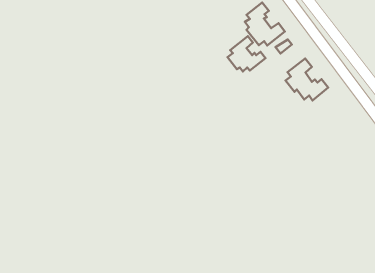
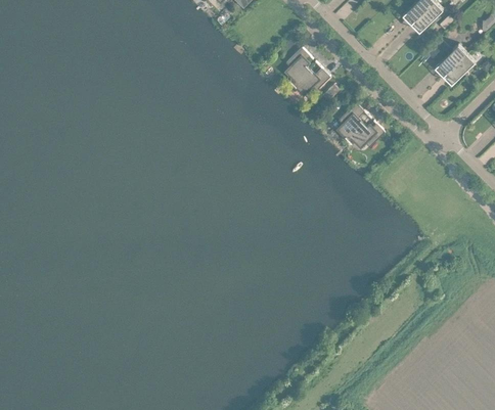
building: [227,36,265,72] -> none

